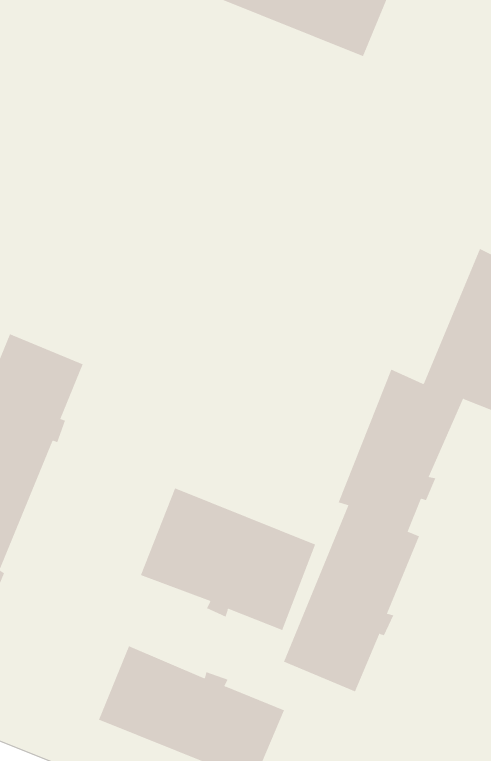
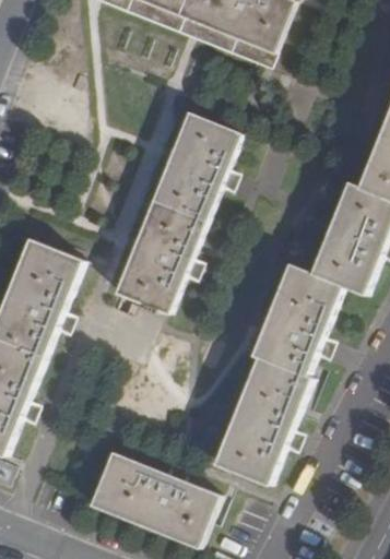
building: none -> [117,114,238,312]
building: [140,487,316,631] -> none

